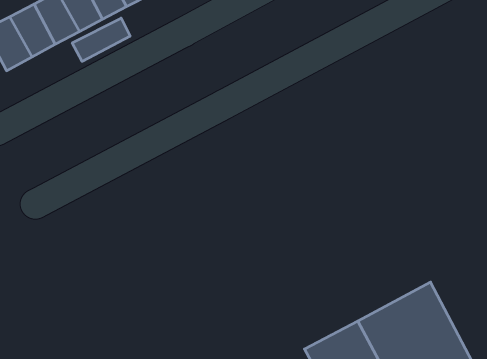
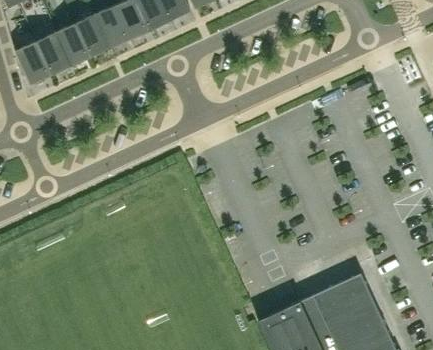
building: [72,18,130,61] -> none

